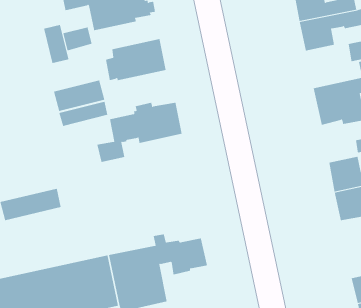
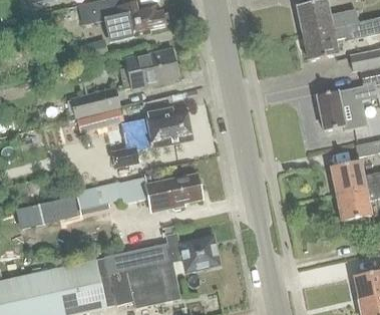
building: [43,24,69,64] -> none
building: none -> [78,173,203,211]

